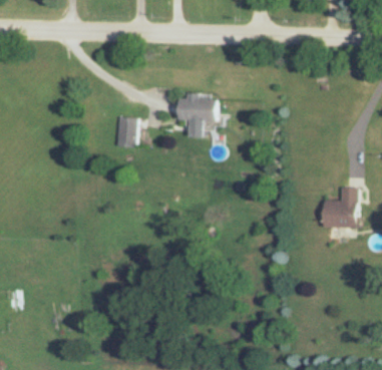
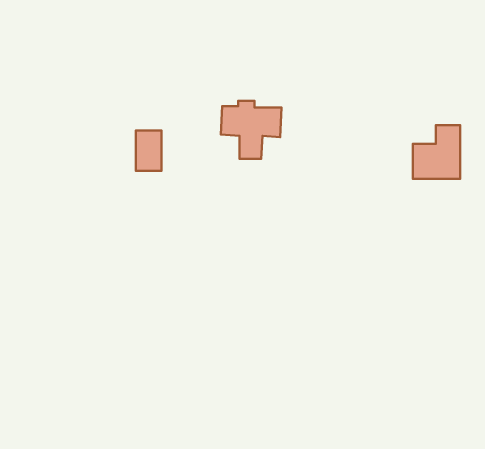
building: [325,188,360,228] -> [413,125,460,179]

